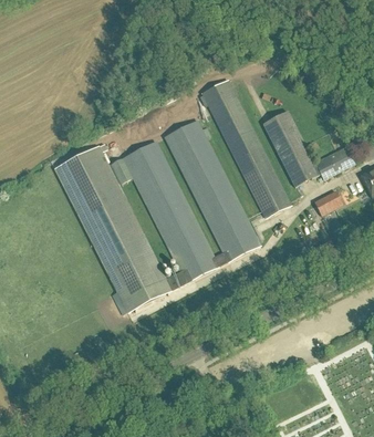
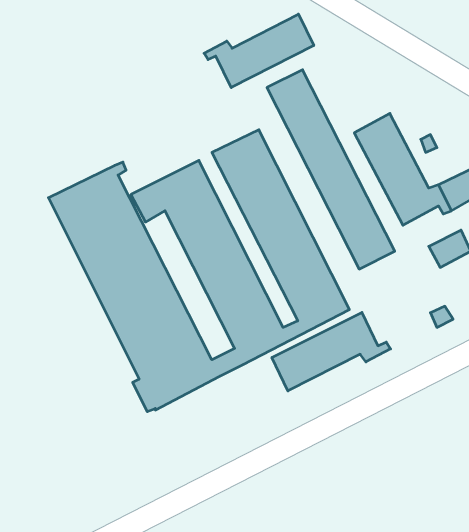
building: none -> [204,14,314,88]
building: none -> [272,312,391,391]

